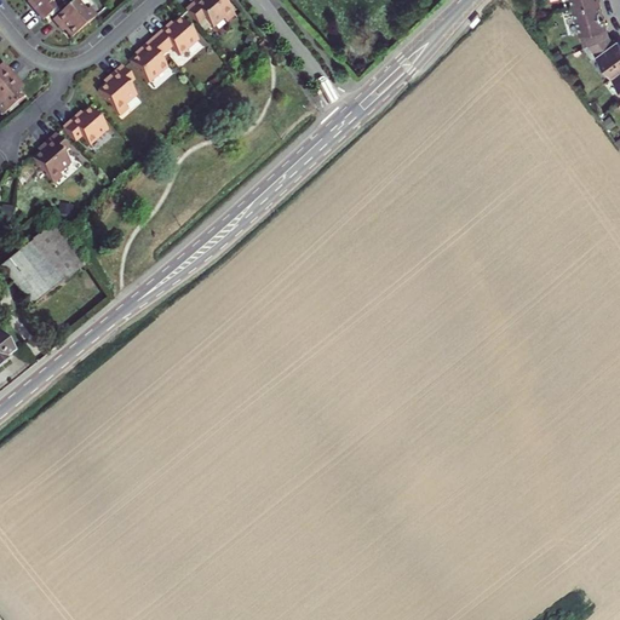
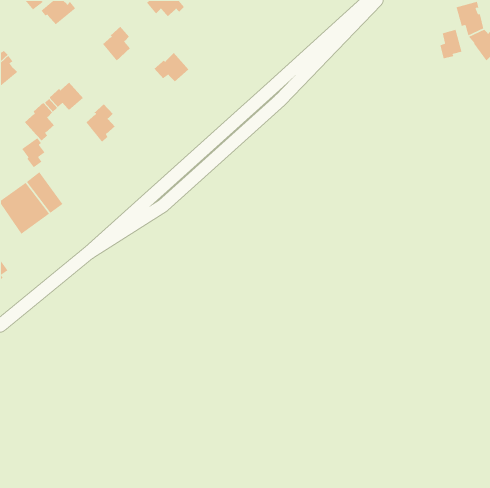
building: [154,17,199,54] -> [154,52,189,82]
building: none -> [439,29,462,59]
building: [99,65,137,115] -> [86,103,115,143]
building: none -> [21,137,46,168]

